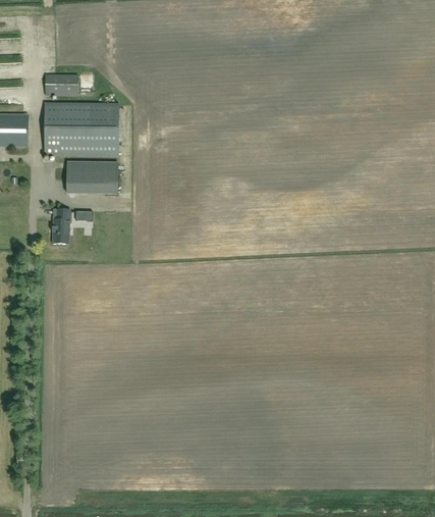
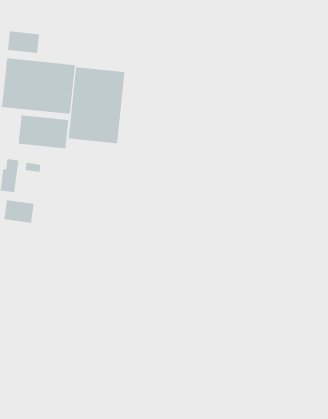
building: none -> [68,67,125,144]
building: none -> [4,199,34,223]

